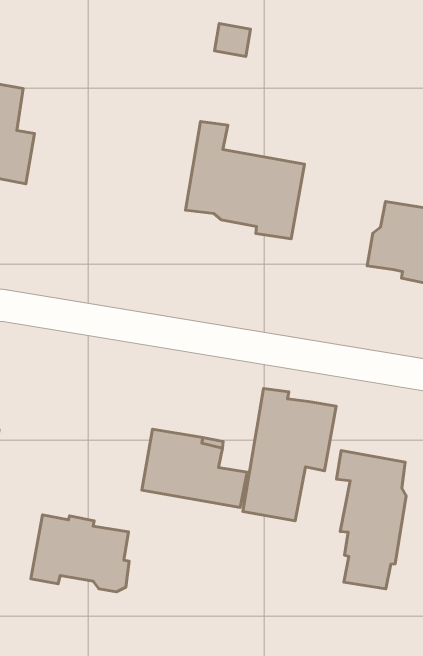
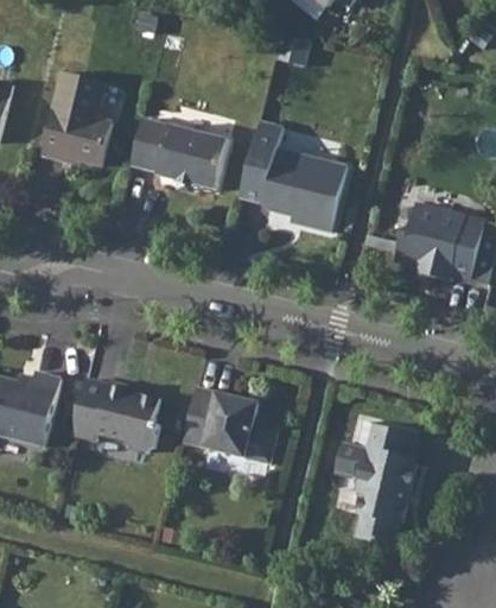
building: none -> [129,118,228,190]
building: [243,389,336,521] -> none
building: [31,515,129,592] -> [71,378,160,450]

